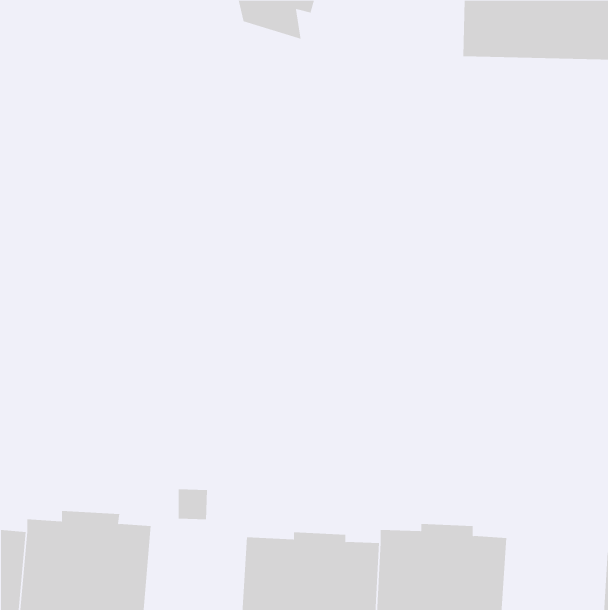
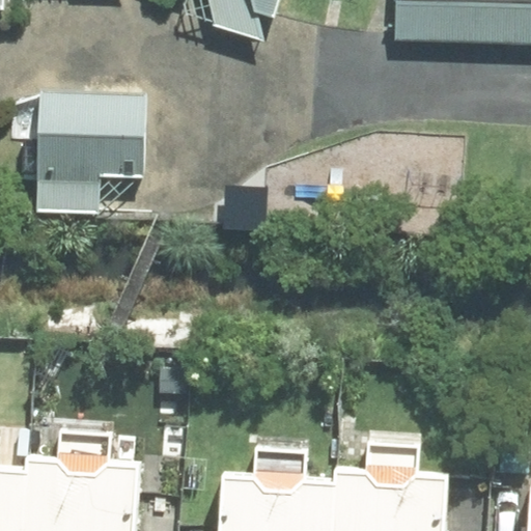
building: none -> [36,92,148,214]

